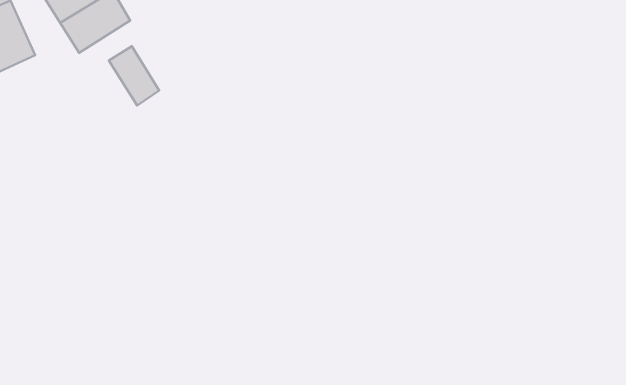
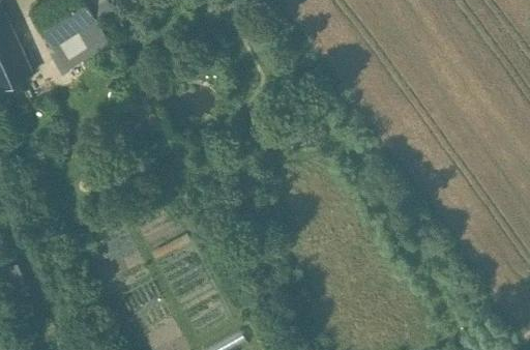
building: [109,46,159,105] -> none

